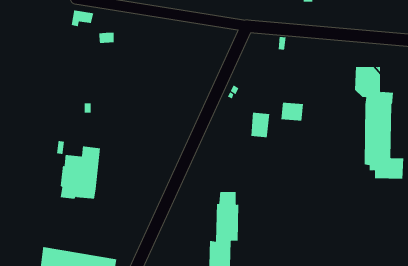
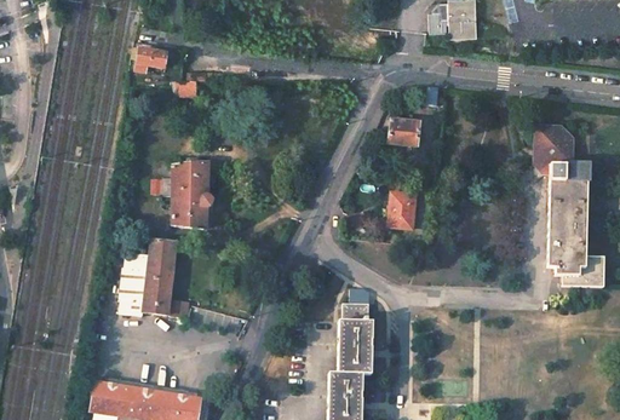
building: none -> [171,163,212,230]
building: [281,102,304,121] -> [388,120,420,146]

